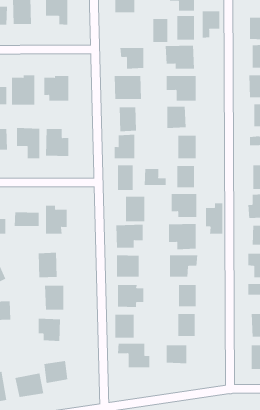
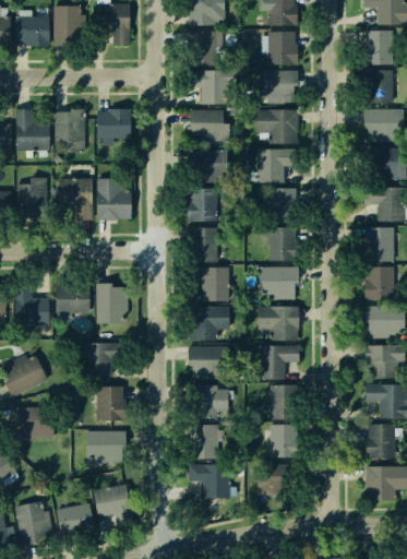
building: [202,10,220,39] -> none
building: [153,19,168,42] -> [195,33,216,64]
building: [144,168,166,186] -> none
building: [206,203,223,234] -> none

